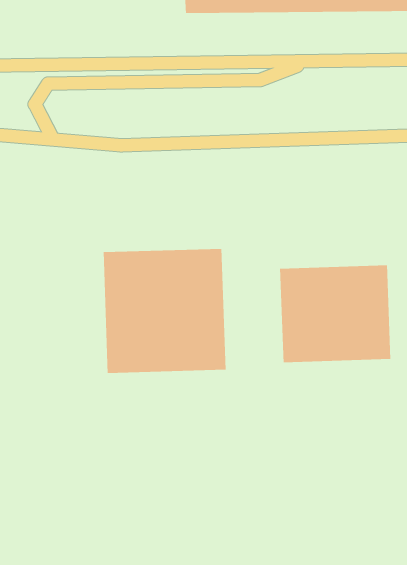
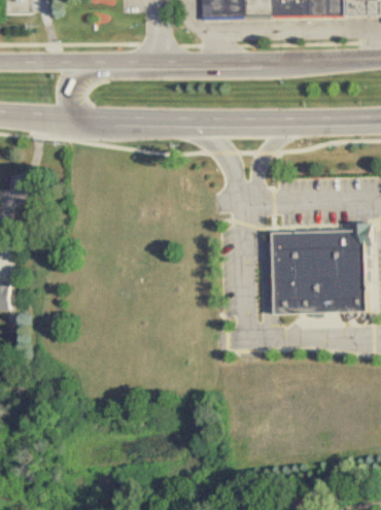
building: [103,248,226,374] -> none

